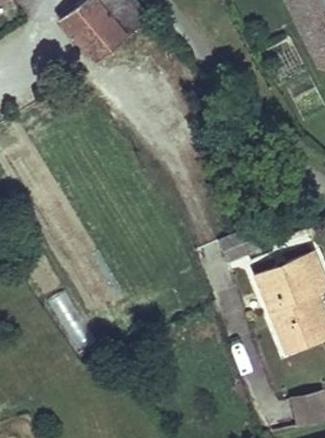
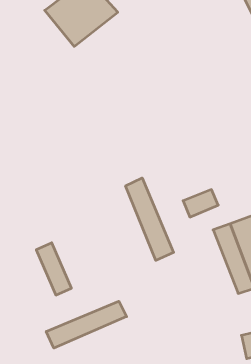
building: none -> [126,178,174,260]
building: none -> [46,301,127,348]

